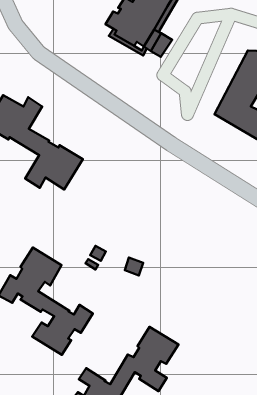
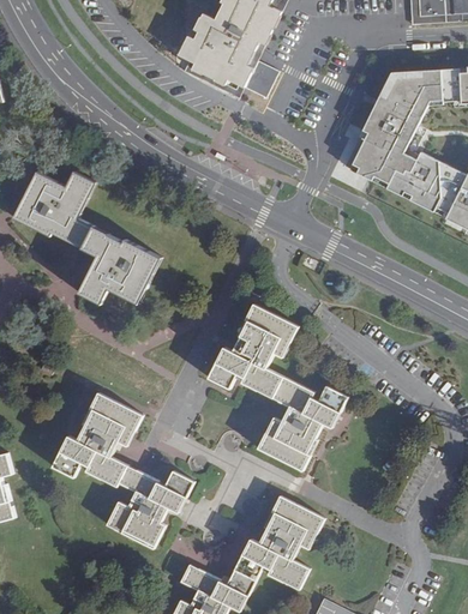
building: none -> [206,300,344,466]

